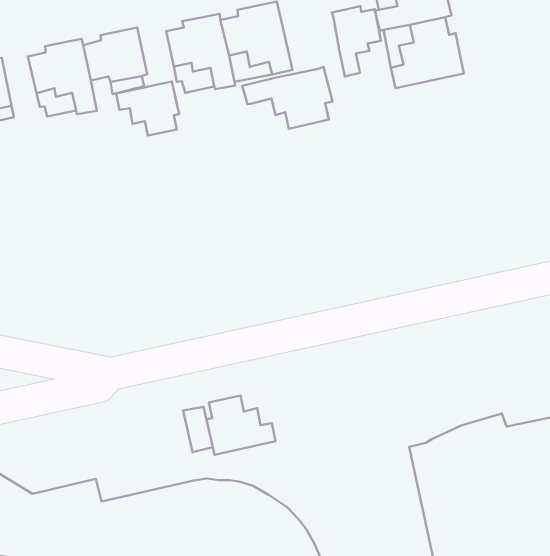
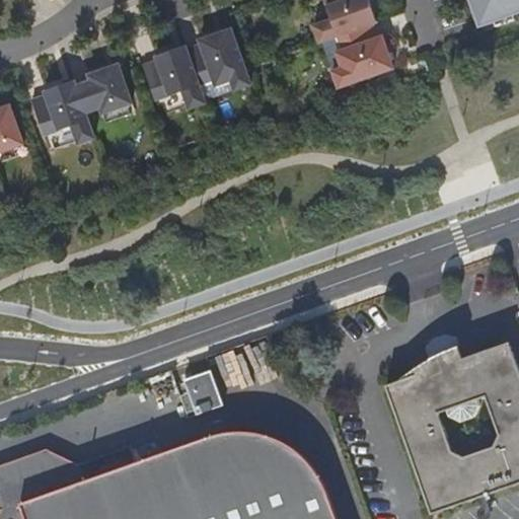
building: [332,6,381,76] -> none
building: [242,67,332,129] -> none
building: [116,82,179,135] -> none
building: [206,396,276,455] -> none

